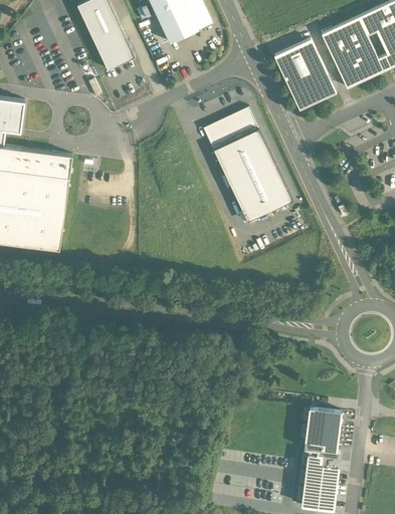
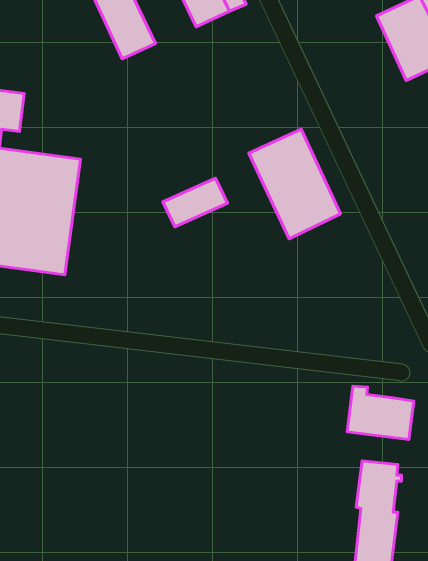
building: [274,39,336,110] -> none
building: [204,108,258,150] -> [163,178,227,227]
building: none -> [347,386,414,439]

